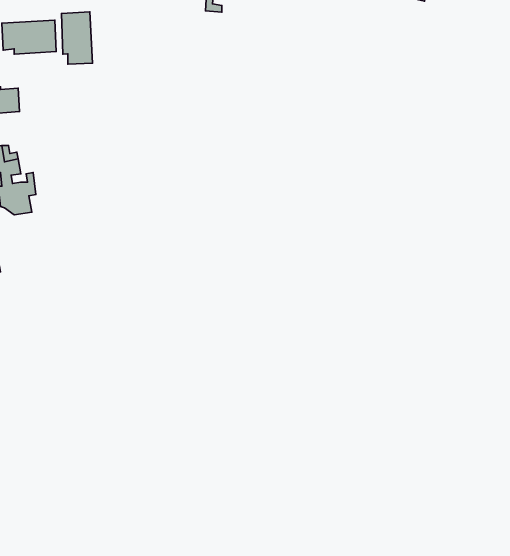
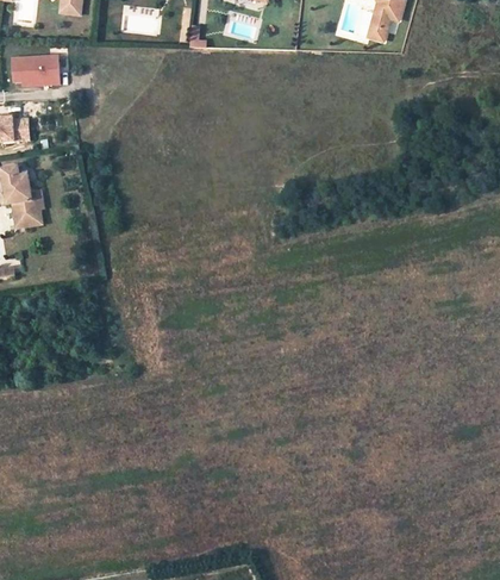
building: [61,12,92,64] -> none

